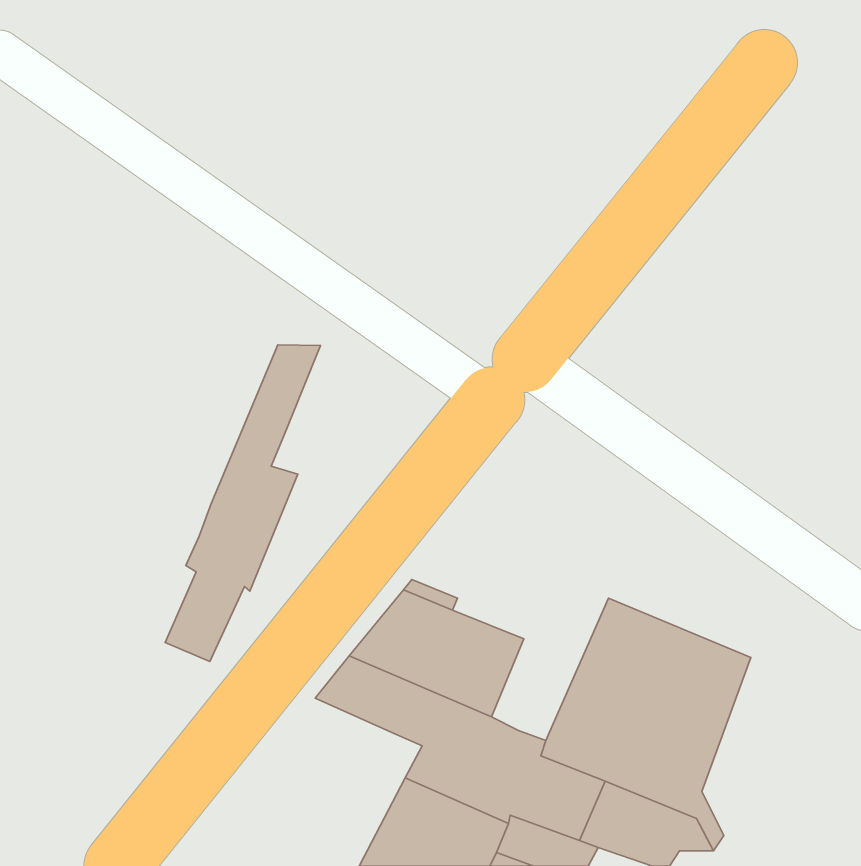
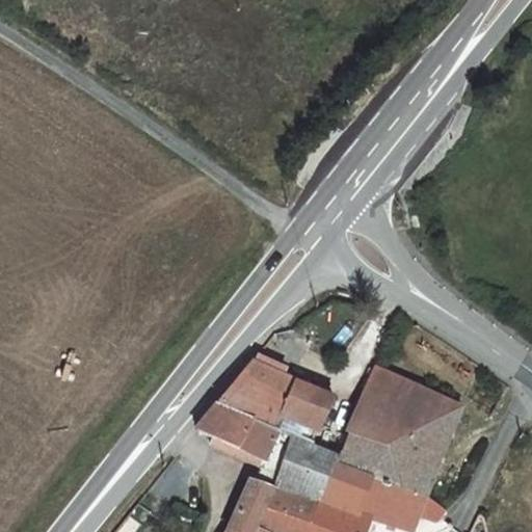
building: [165,345,321,662] -> none

